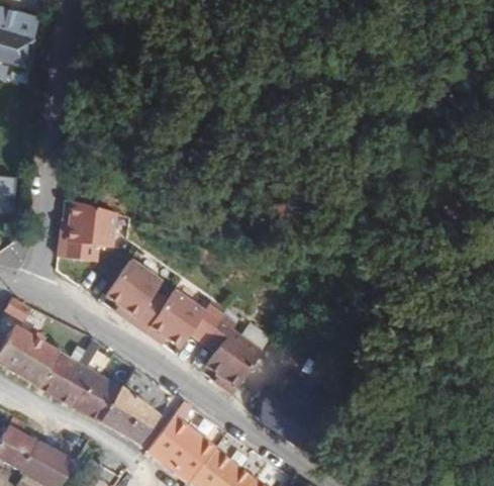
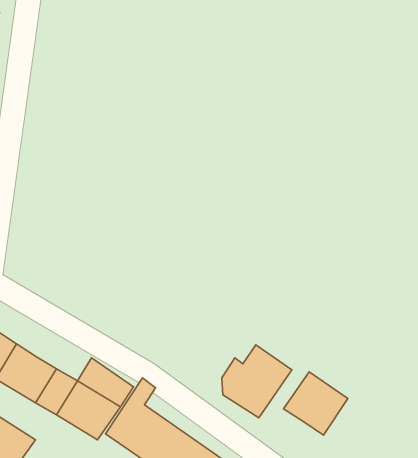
building: [59,205,114,264] -> none
building: [106,260,259,390] -> none
building: none -> [283,372,348,435]

